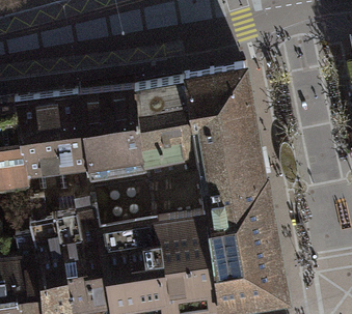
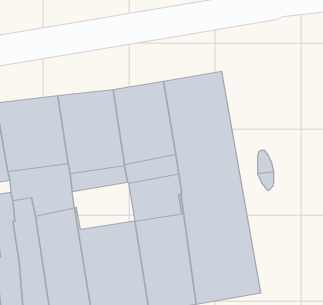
building: [93,187,157,234] -> none

